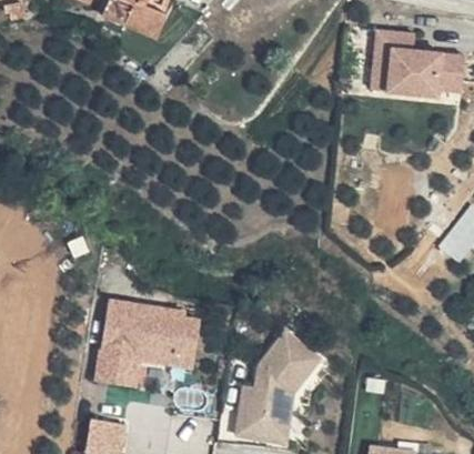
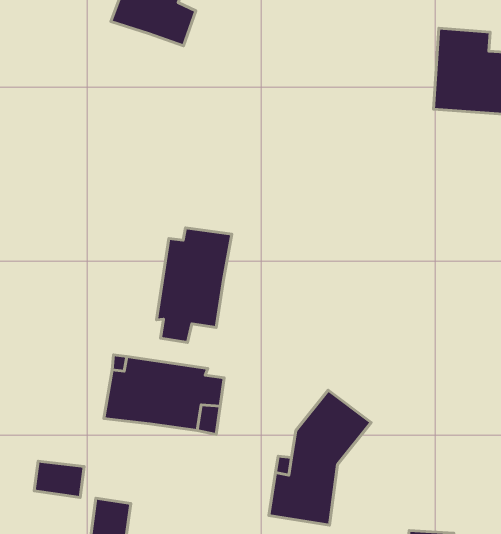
building: none -> [157,228,232,343]
building: [97,353,138,383] -> [34,461,84,498]

